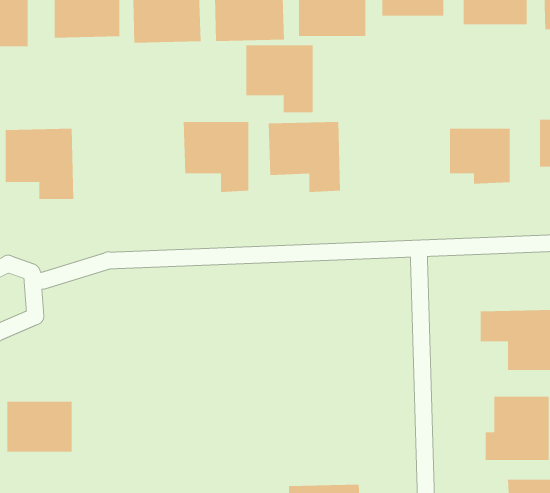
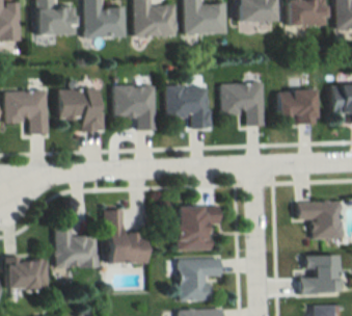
building: [246,45,313,113] -> [222,84,264,126]
building: none -> [57,88,104,132]
building: none -> [177,207,219,252]
building: none -> [105,210,145,264]
building: none -> [56,220,98,268]
building: none -> [179,259,220,301]

